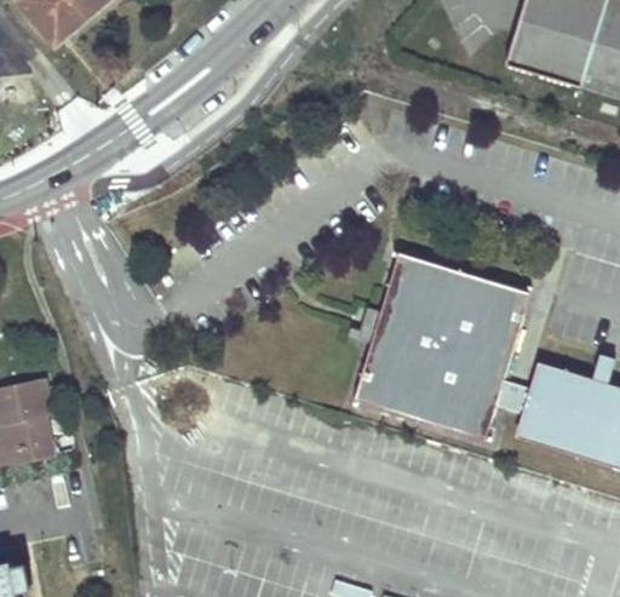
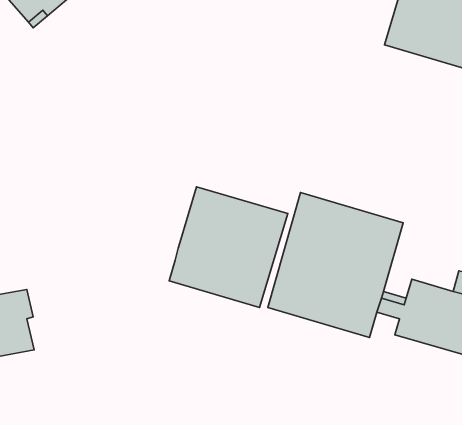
building: none -> [169,187,288,307]

